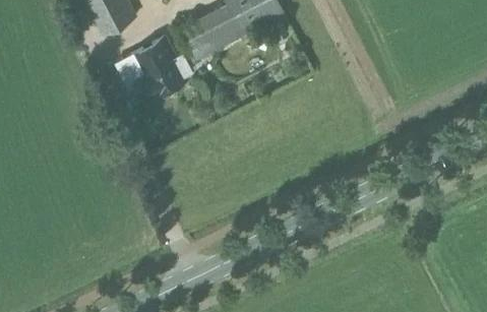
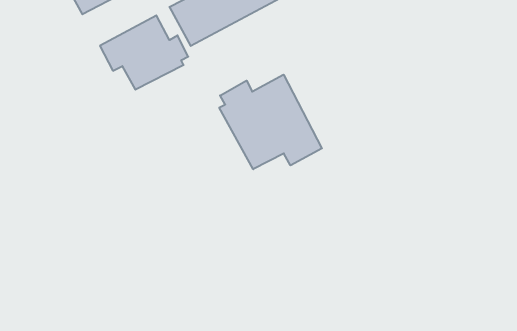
building: none -> [219,75,322,169]

